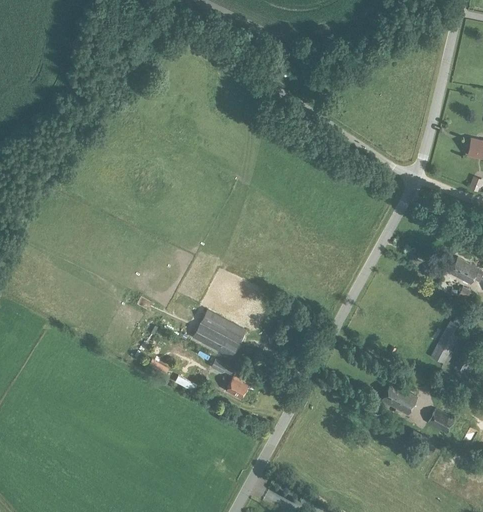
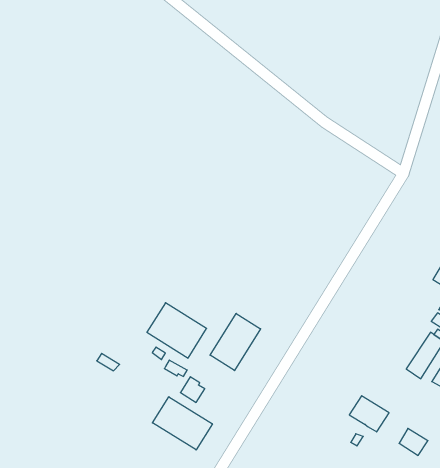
building: none -> [210,313,261,371]
building: none -> [152,397,212,450]

